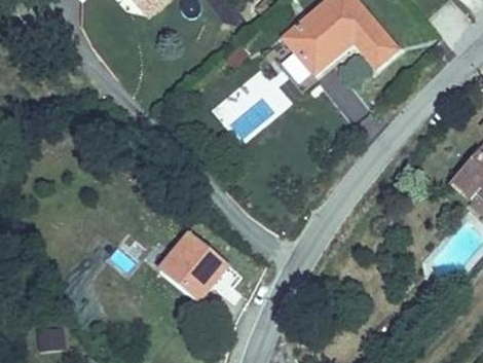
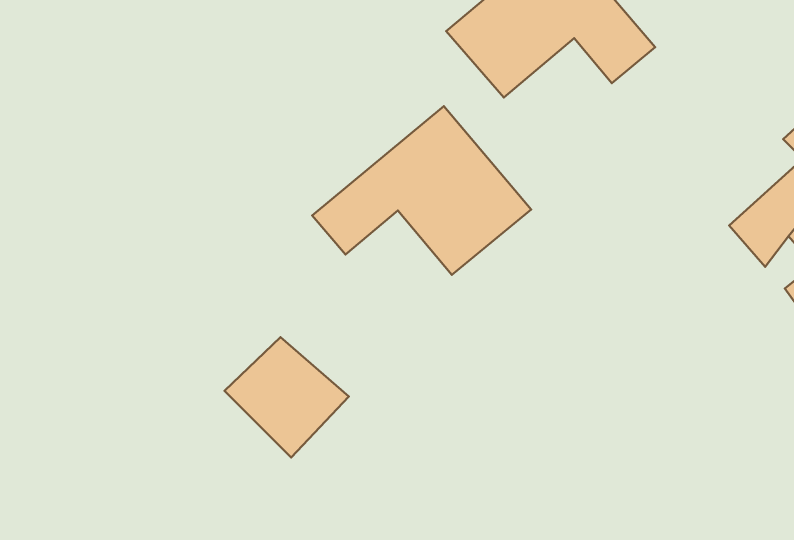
building: none -> [312,106,531,275]

